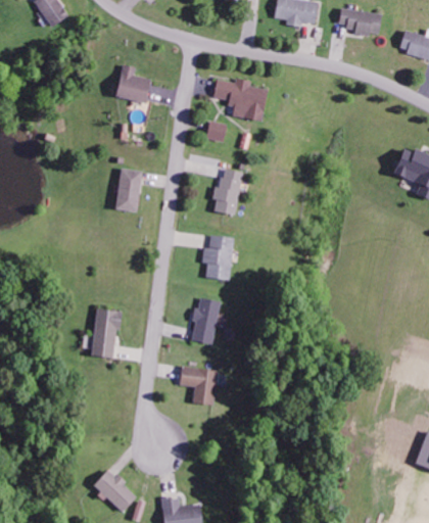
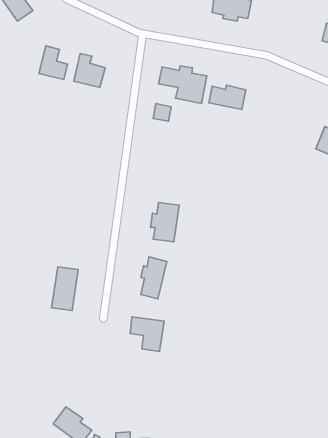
building: [339,9,382,36] -> none
building: none -> [39,46,67,80]
building: none -> [209,85,246,110]
building: [114,168,144,213] -> none
building: [212,169,243,215] -> none

